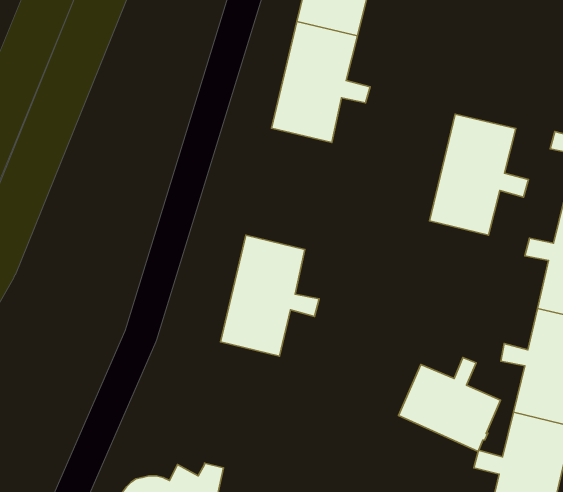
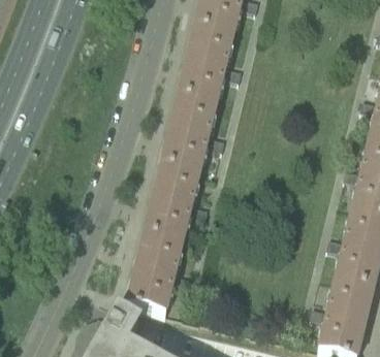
building: [430,114,528,235] -> [162,91,226,169]
building: none -> [128,229,192,309]
building: [398,358,501,451] -> none

